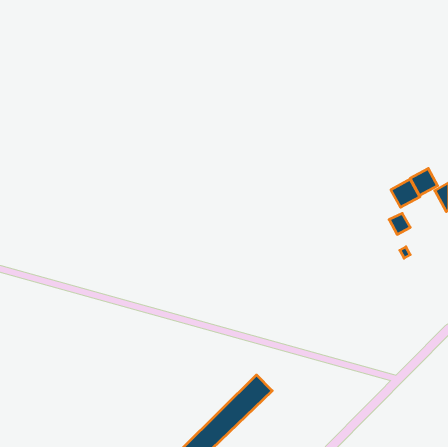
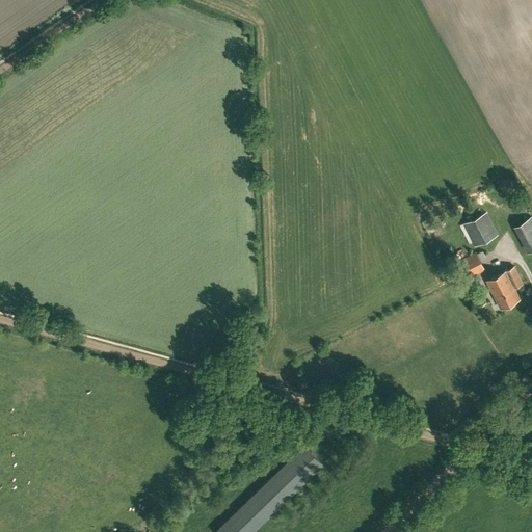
building: [410,168,438,196] -> none
building: none -> [487,268,524,310]

